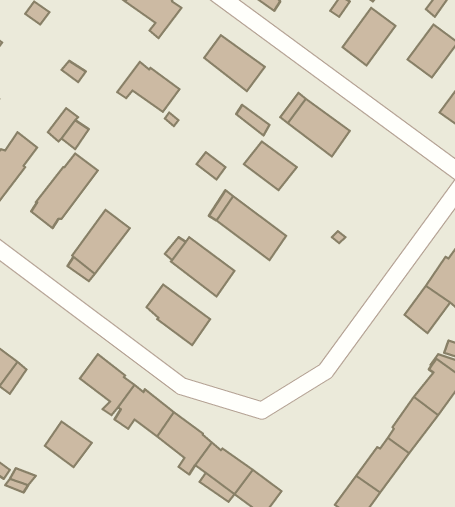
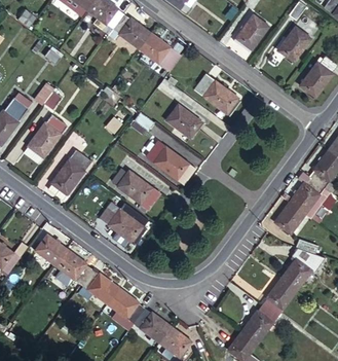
building: [117,62,179,112] -> [109,13,151,47]
building: [45,421,92,467] -> [36,233,68,264]

